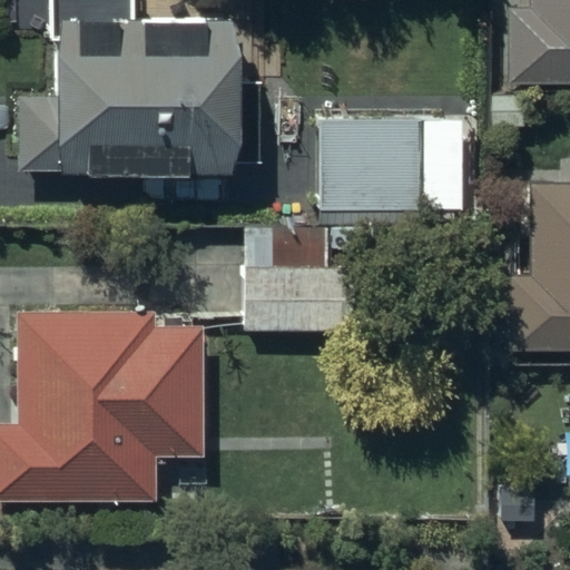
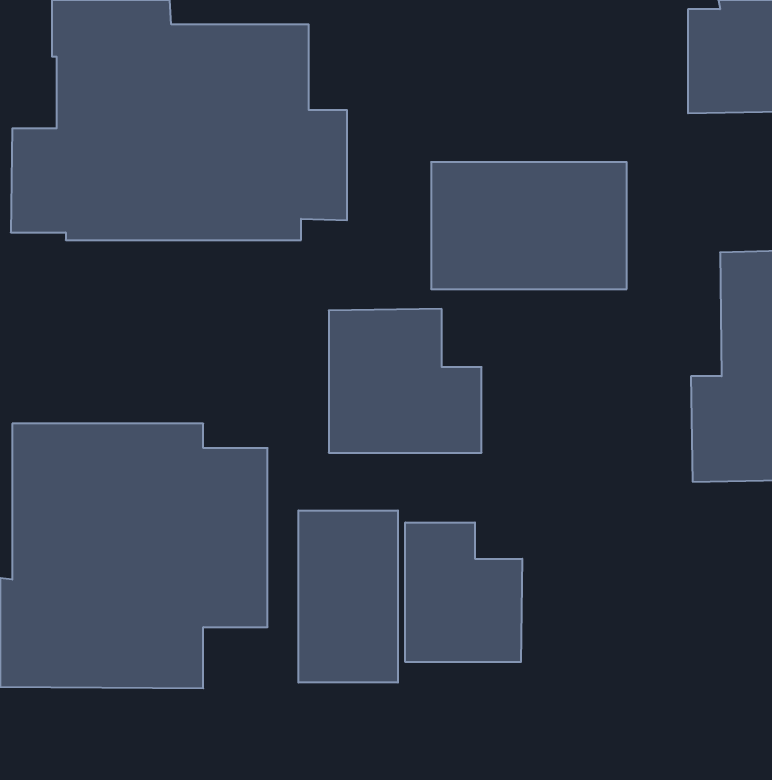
building: none -> [298,510,398,683]
building: none -> [405,522,522,662]

